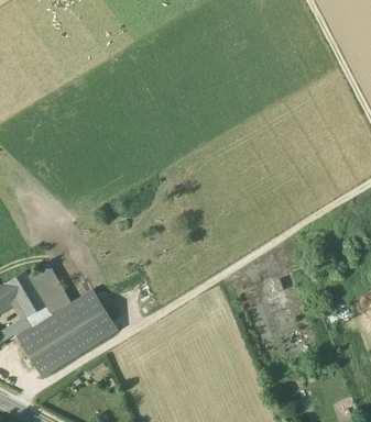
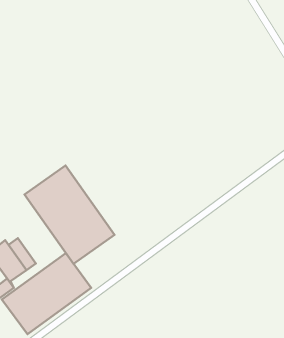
building: none -> [24,166,115,264]

